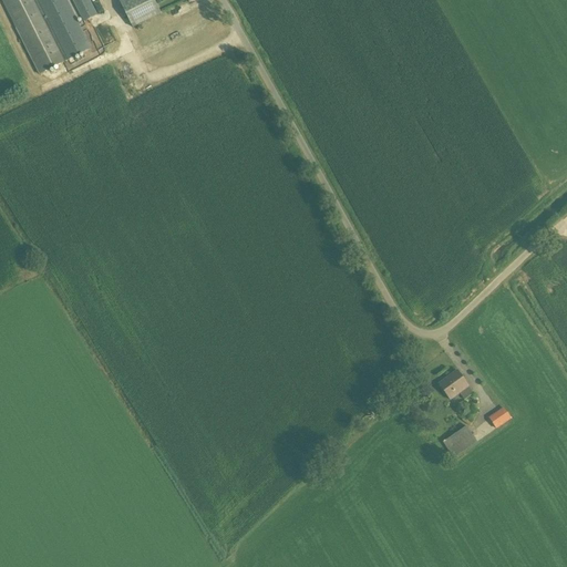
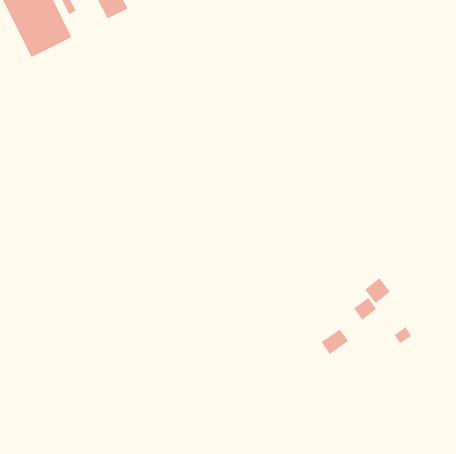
building: none -> [364,277,391,304]
building: [441,423,476,456] -> [320,328,349,355]

